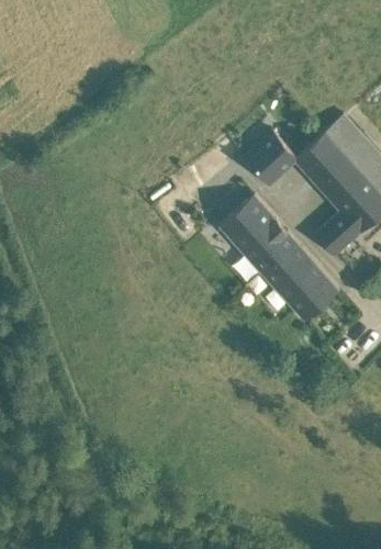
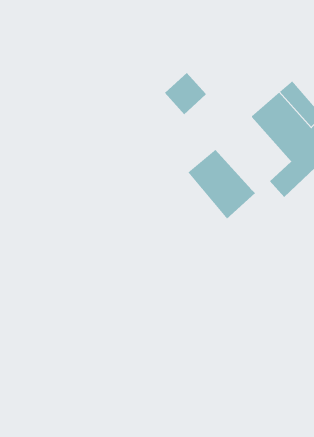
building: [247,134,296,184] -> [164,72,207,115]
building: [268,249,339,321] -> none

